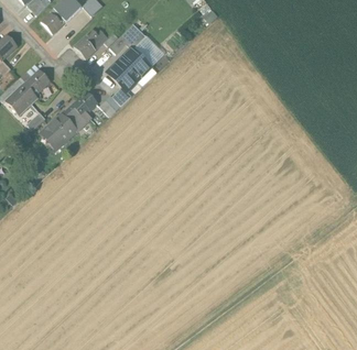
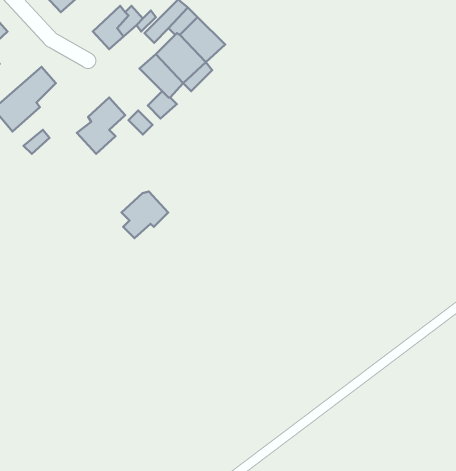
building: [44,116,76,147] -> [122,192,168,238]

